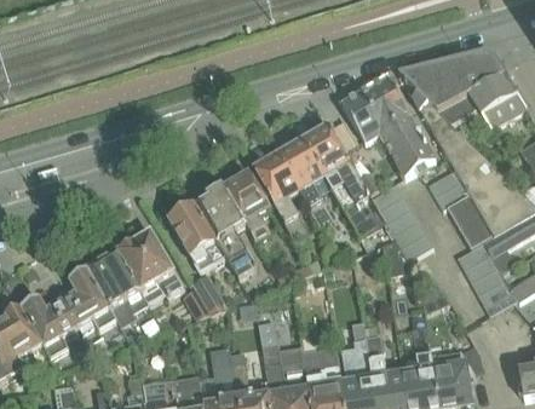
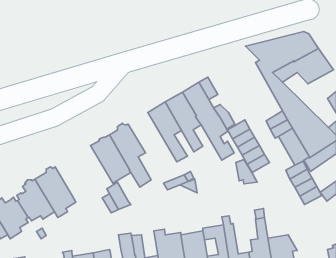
building: [340,75,433,175] -> none
building: [224,172,274,242] -> none
building: [116,230,184,296] -> none

